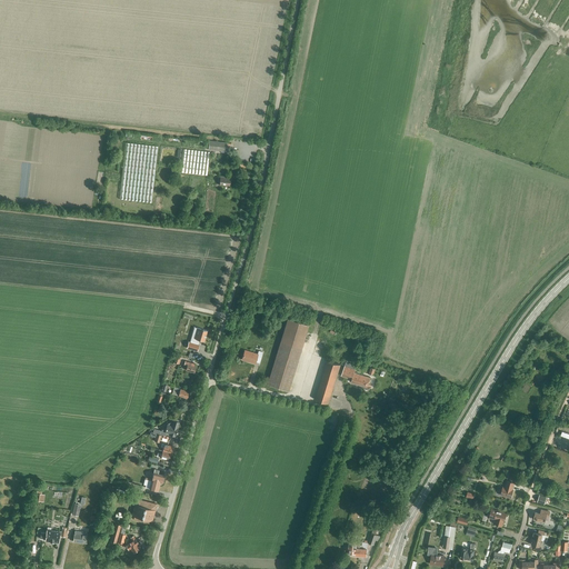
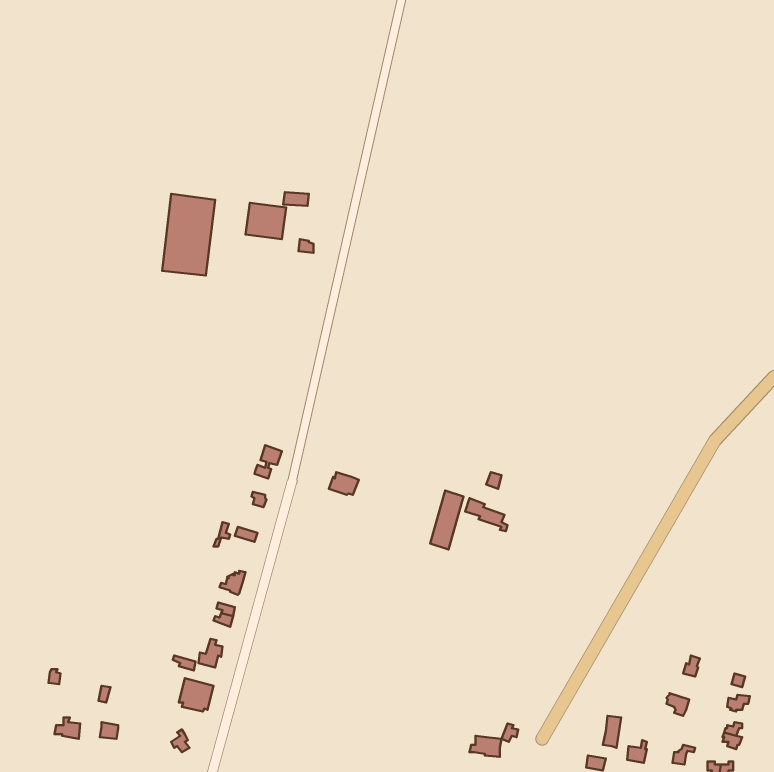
building: [267,320,308,392] -> none

